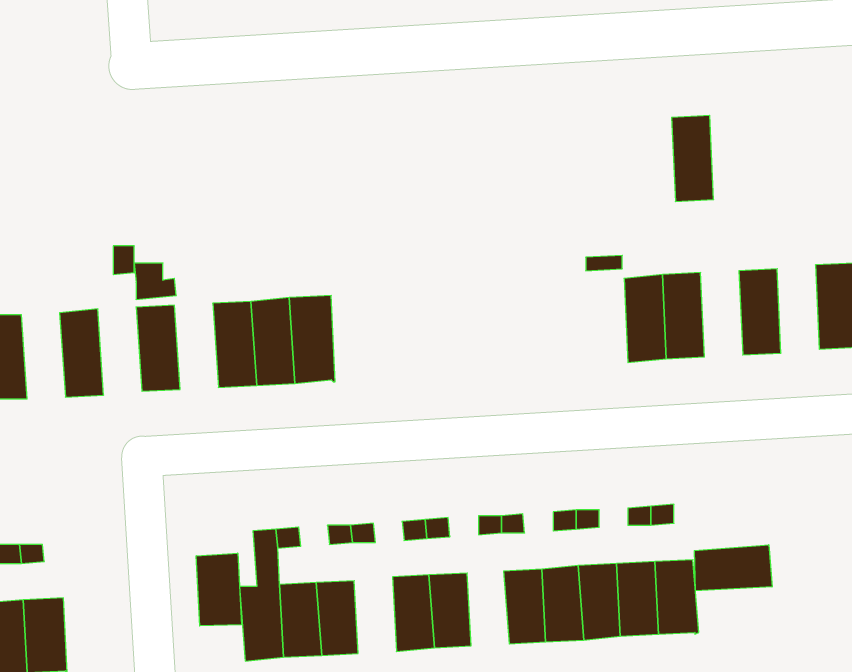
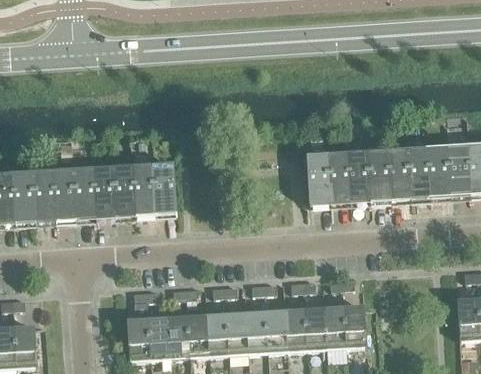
building: [672,115,714,202] -> [367,154,389,199]
building: none -> [407,151,429,197]
building: none -> [306,158,329,204]
building: none -> [92,171,115,216]
building: none -> [52,173,75,219]
building: none -> [12,176,35,221]
building: [694,545,772,591] -> none
building: [196,553,241,626] -> none
building: none -> [245,311,267,350]
building: none -> [186,314,208,354]

